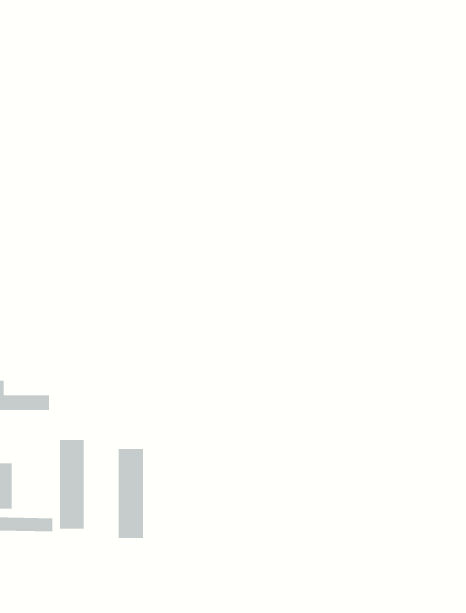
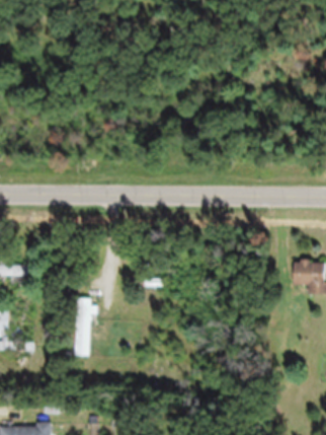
building: [59,439,84,529] -> none

